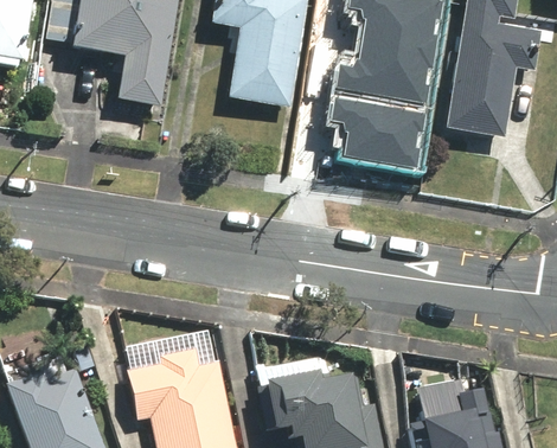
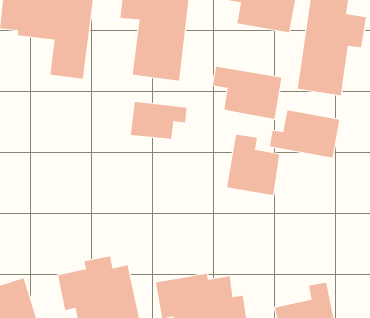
building: [342,33,438,98] -> [269,110,340,158]
building: none -> [130,101,187,140]
building: none -> [227,134,280,196]

